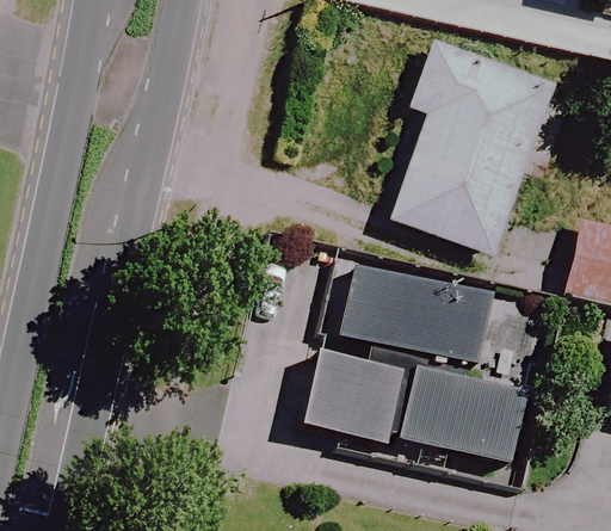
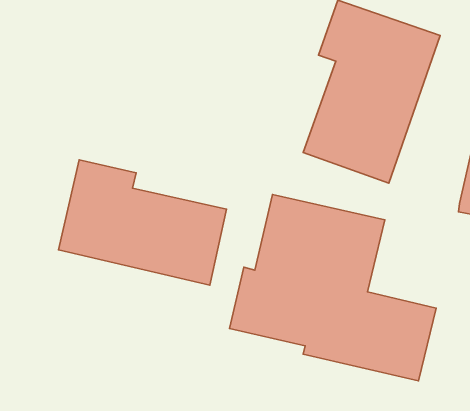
building: none -> [58,160,227,285]

